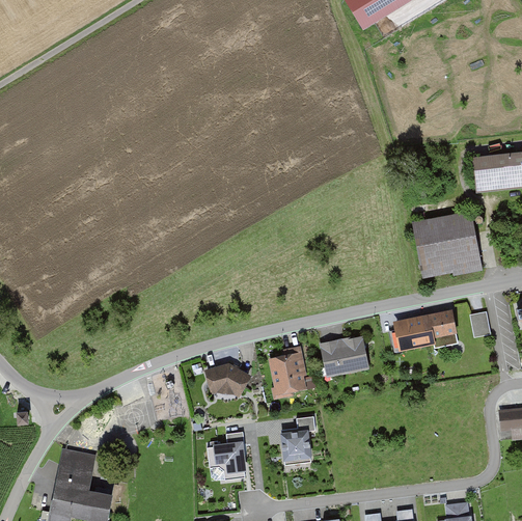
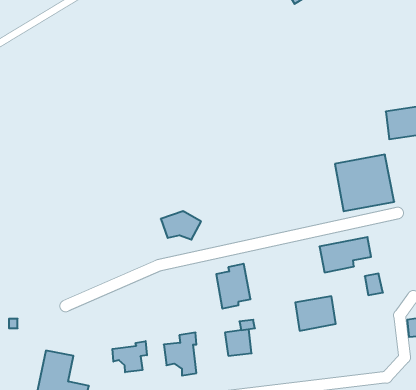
building: [469,309,491,335] -> [365,274,383,295]
building: [321,335,369,377] -> [295,296,336,331]
building: [201,362,250,396] -> [161,211,201,240]
building: none -> [112,341,147,372]

